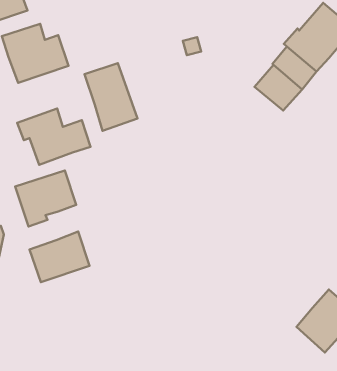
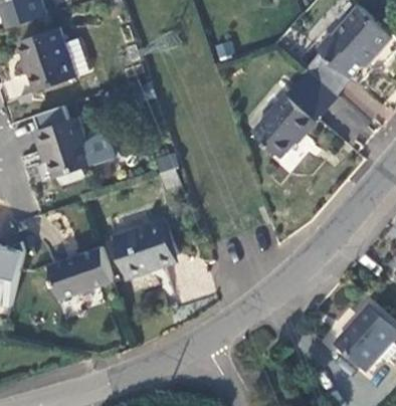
building: [85,63,137,131] -> none
building: none -> [253,94,318,159]
building: [15,170,76,227] -> [114,219,178,278]

